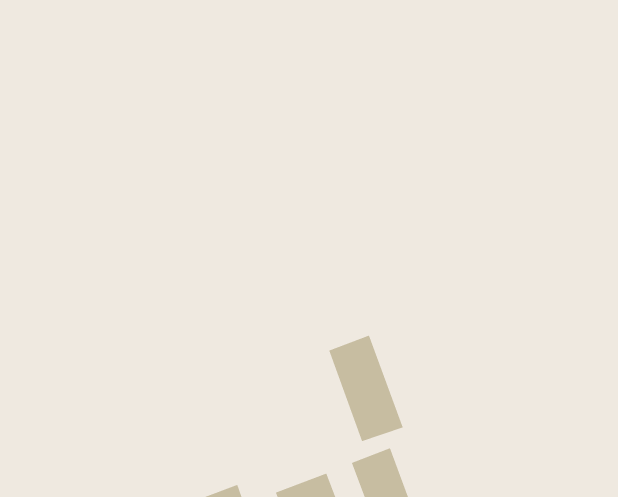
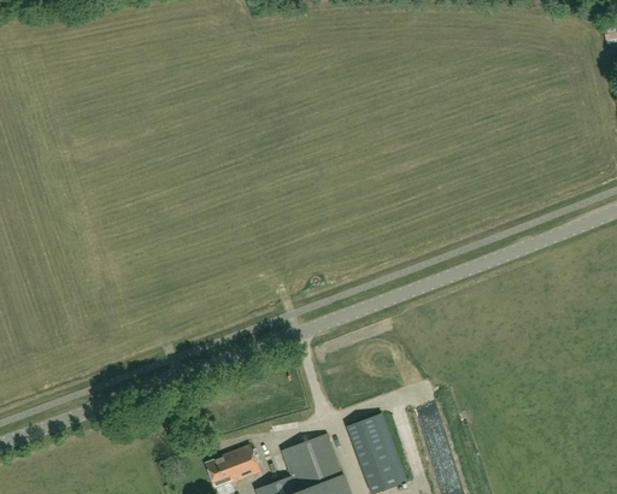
building: [328,334,404,442] -> none

